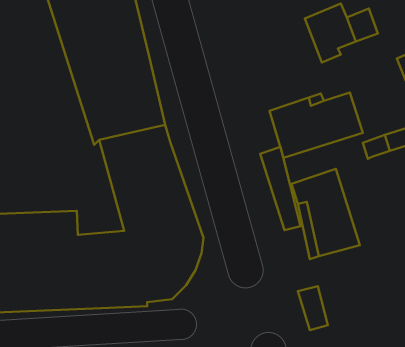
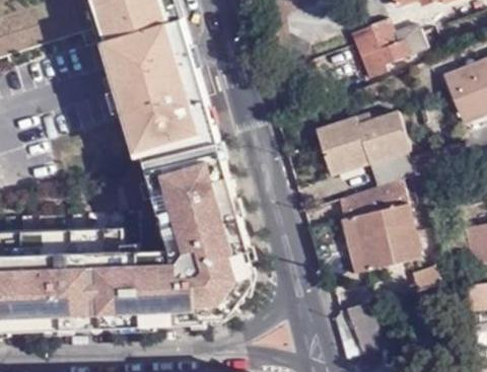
building: [260,147,300,230] -> [380,180,421,265]

